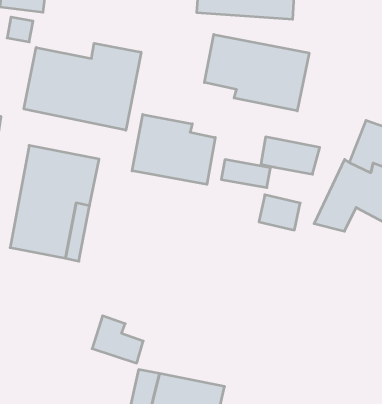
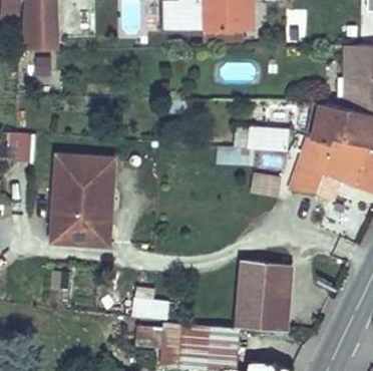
building: [204,34,309,111] -> none
building: [24,43,141,130] -> none
building: [132,114,215,184] -> none
building: none -> [239,262,293,331]

